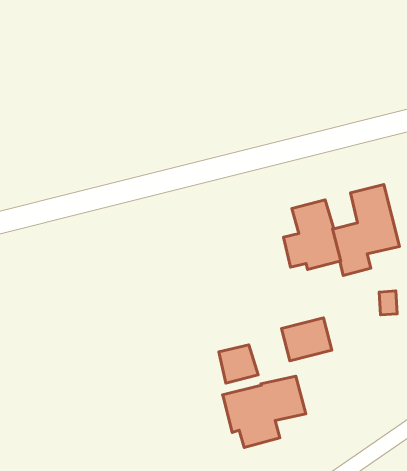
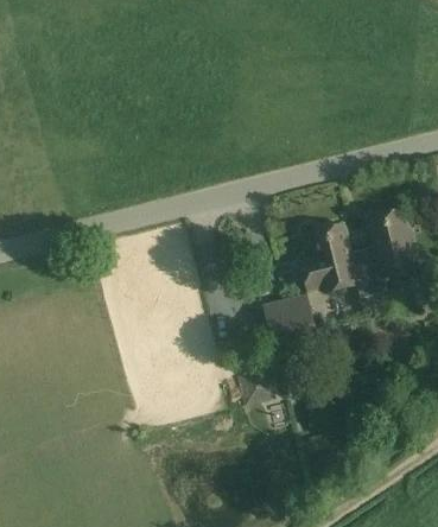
building: [282,318,332,361] -> [266,296,316,338]
building: [223,376,306,447] -> none

